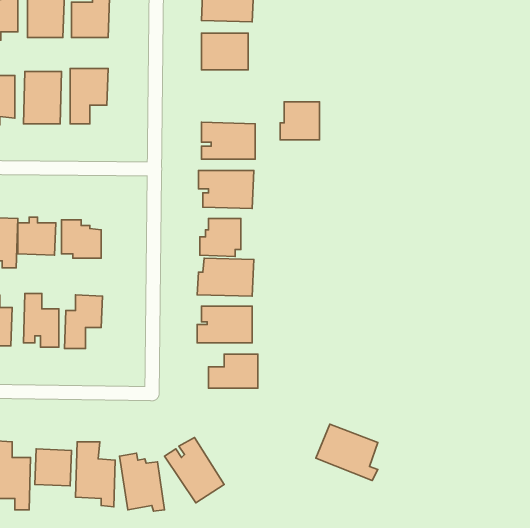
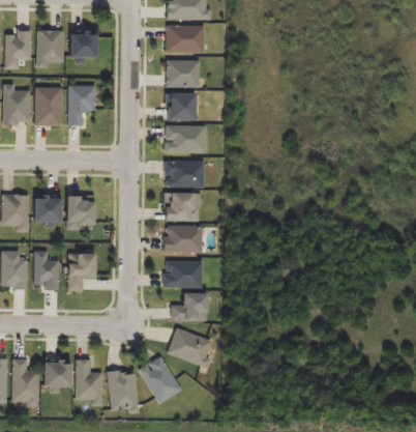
building: [280,102,320,140] -> [167,94,196,122]
building: [316,424,378,481] -> [167,325,212,367]

